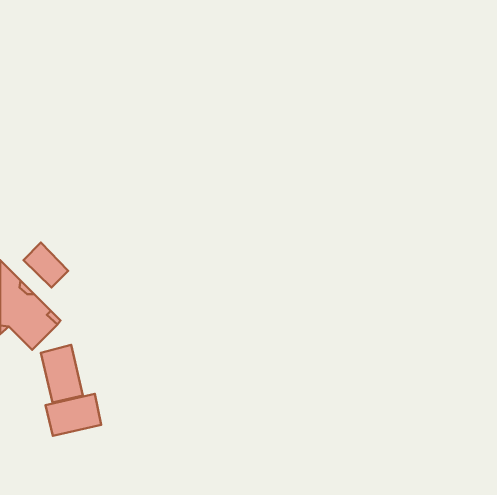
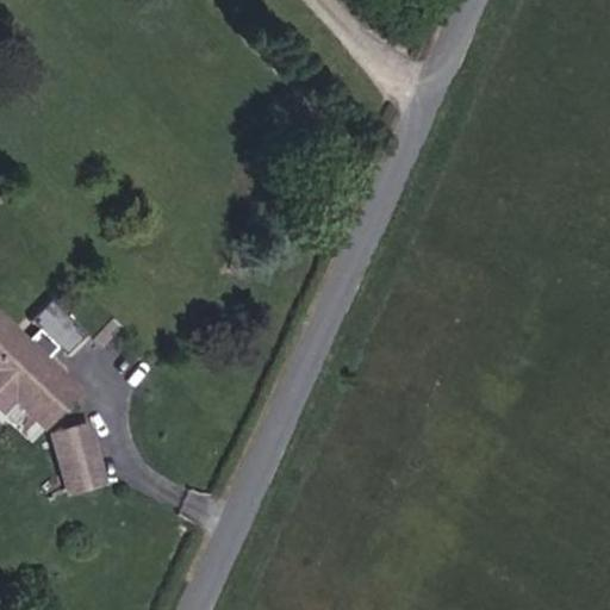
building: [46,394,101,436] -> none

